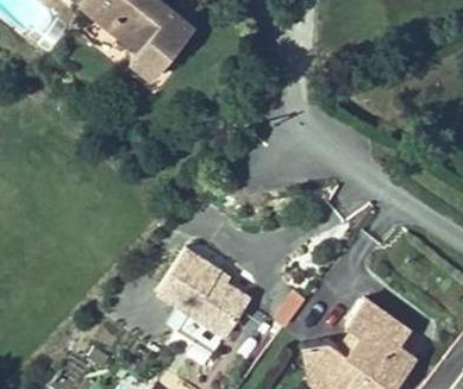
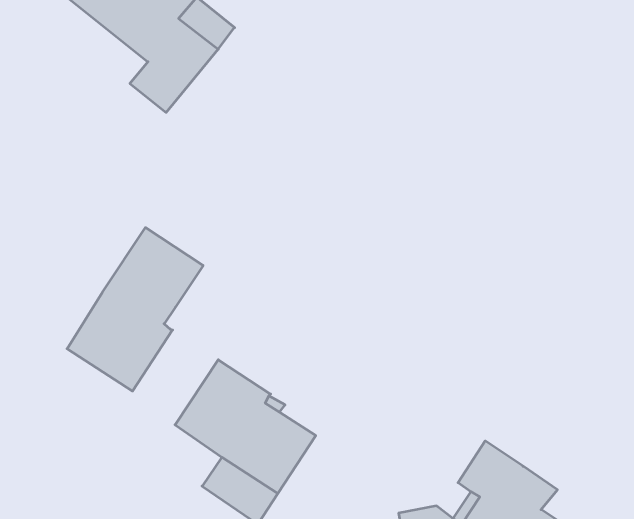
building: none -> [67,228,203,391]

